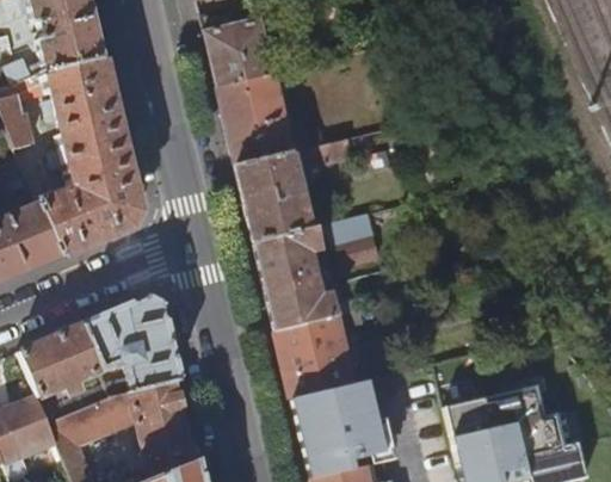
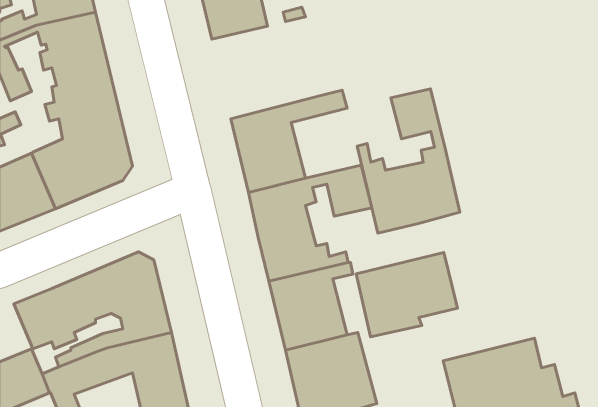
building: [218,74,329,167] -> none
building: none -> [357,89,460,233]
building: none -> [356,252,458,337]

